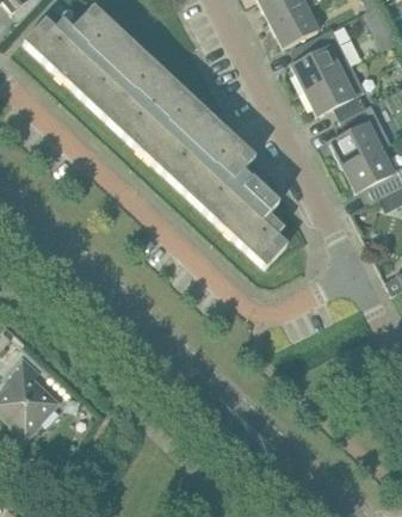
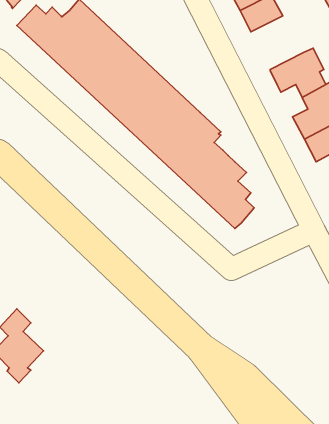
building: [291,27,352,90] -> none

